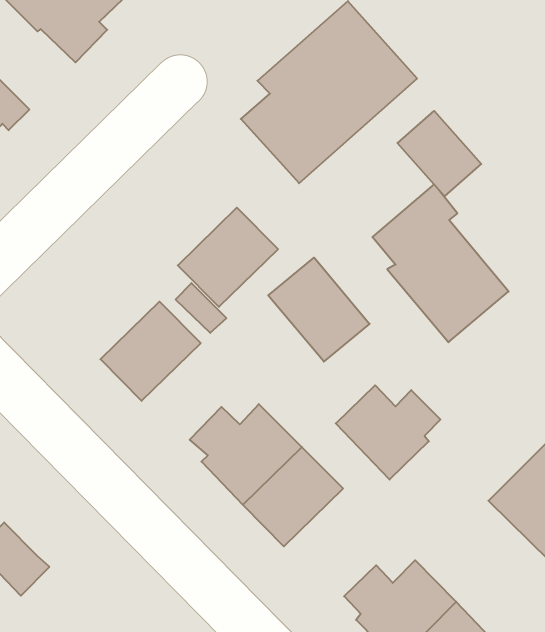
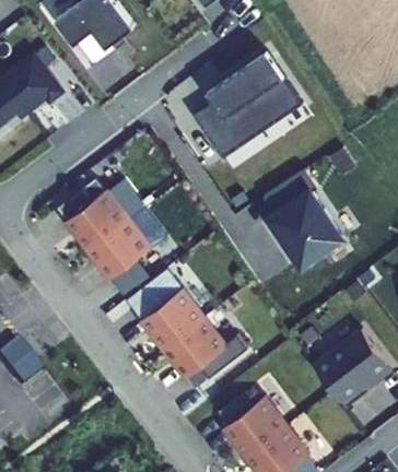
building: [397,111,481,196] -> none
building: [178,208,278,307] -> [67,190,129,249]
building: [268,258,370,362] -> none
building: [336,385,440,480] -> none

